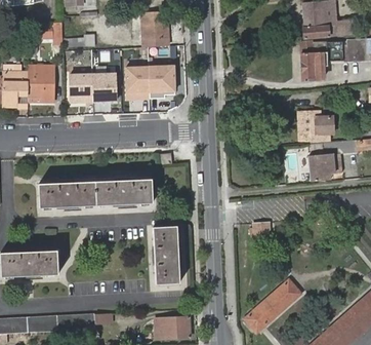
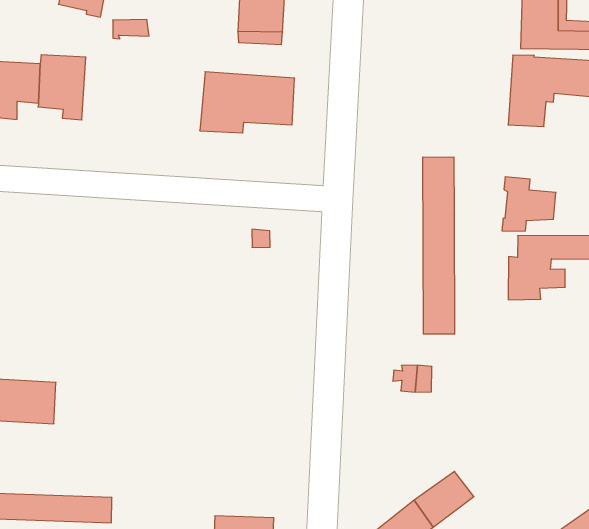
building: [70,72,121,104] -> none
building: none -> [423,157,454,334]
building: [37,178,151,207] -> none
building: [154,225,180,284] -> none

